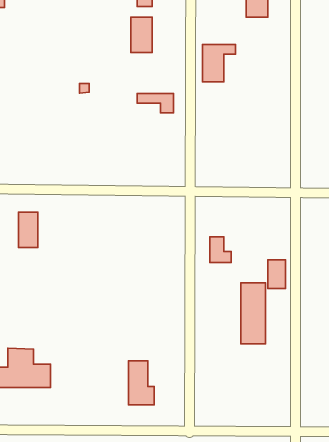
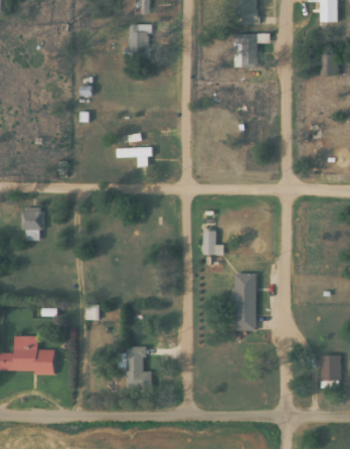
building: [202,44,236,82] -> [238,33,270,68]
building: [137,94,173,113] -> [116,147,150,165]
building: [268,260,285,288] -> none

